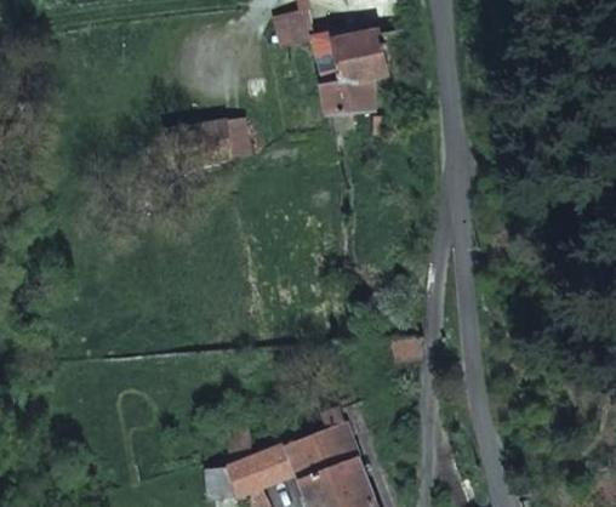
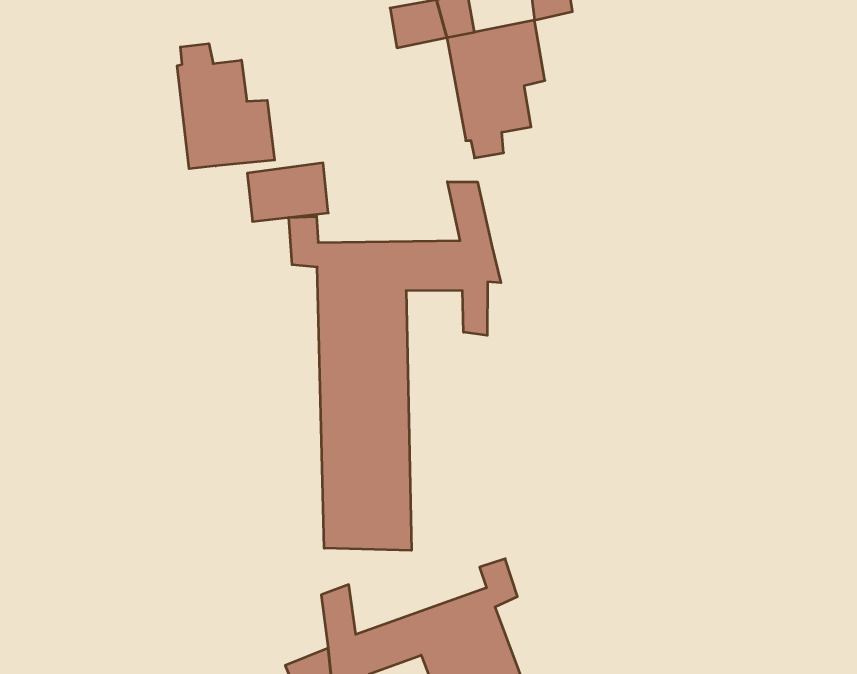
building: none -> [177,44,275,169]
building: none -> [289,182,501,550]

